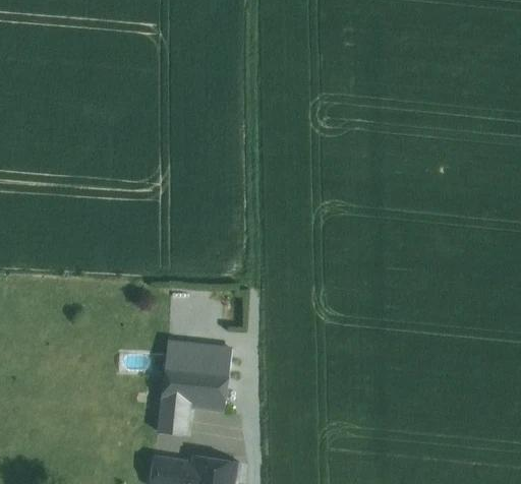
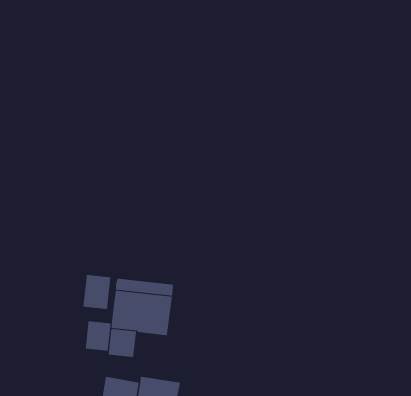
building: none -> [83,274,111,310]
building: none -> [85,321,111,351]

